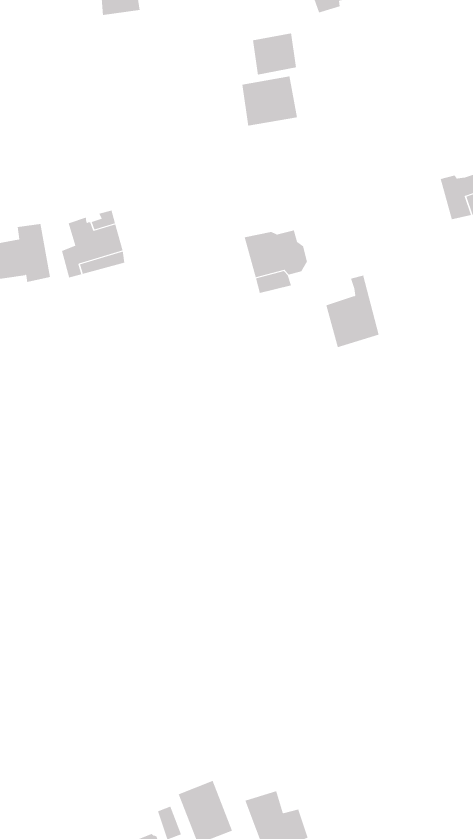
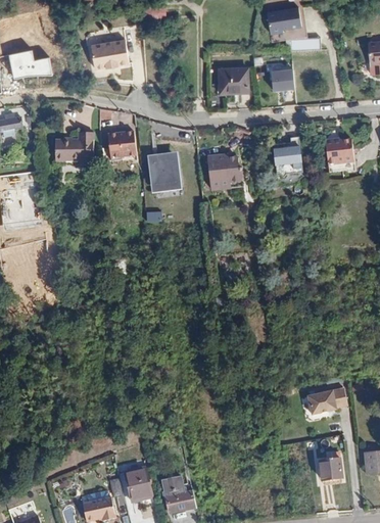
building: [252,33,297,75] -> [272,67,295,89]
building: none -> [91,39,130,68]
building: none -> [149,159,180,191]
building: [326,275,380,348] -> [274,136,302,176]

